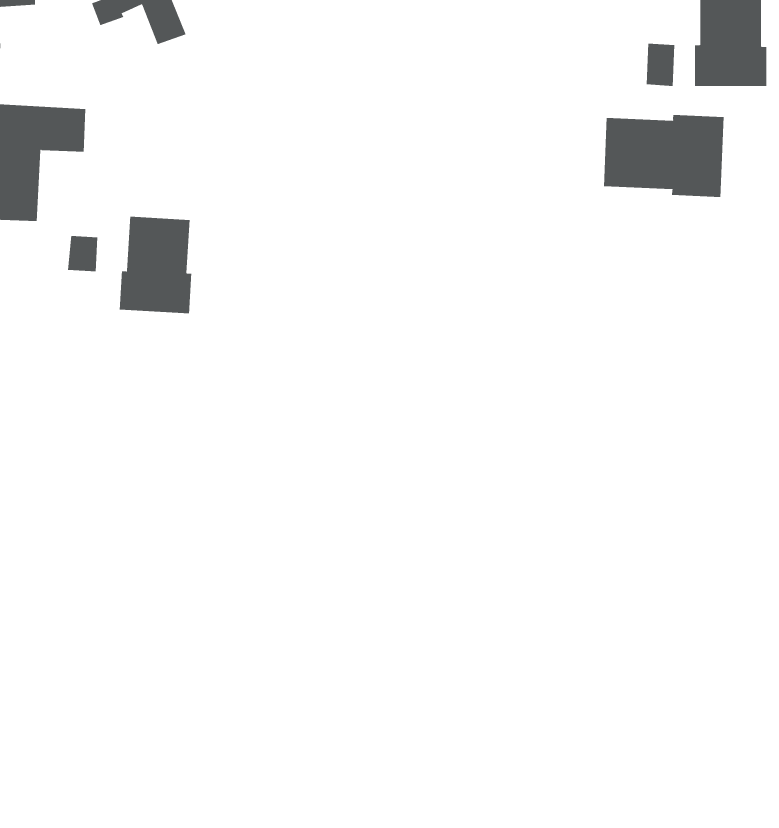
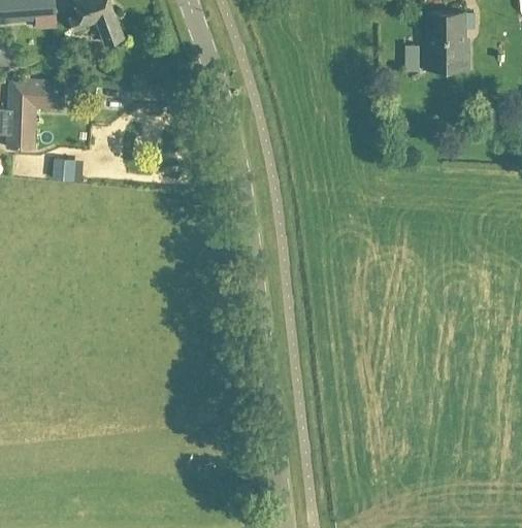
building: [603,114,724,198] -> none
building: [119,216,192,314] -> none

